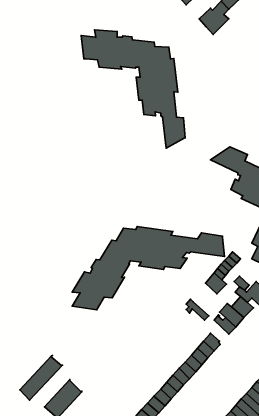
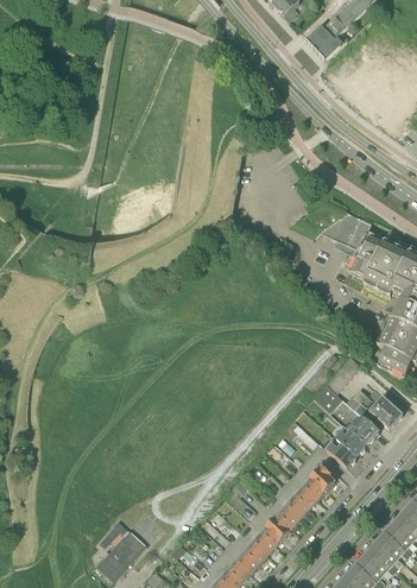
building: [81,30,185,148] -> none
building: [72,227,224,310] -> none
building: [20,356,62,400] -> none

